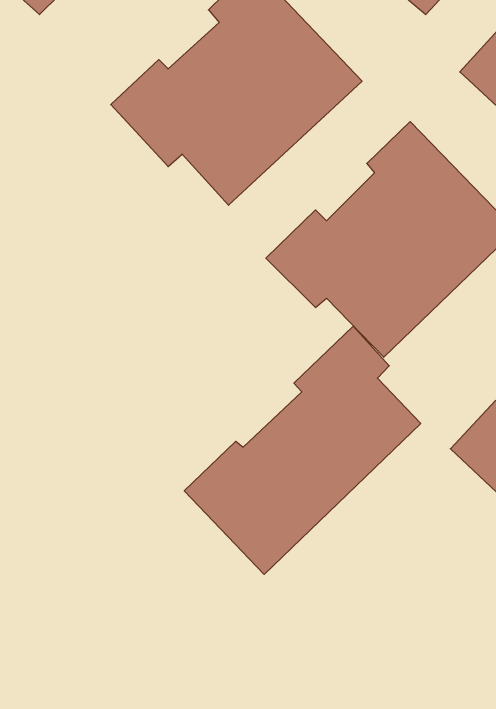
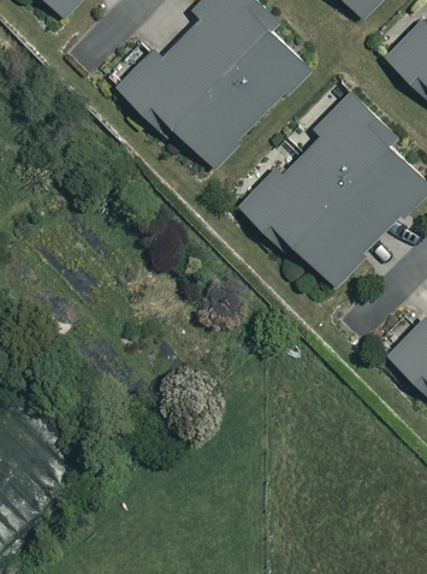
building: [184,326,421,574] -> none

